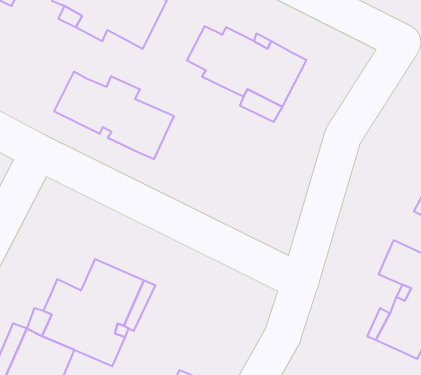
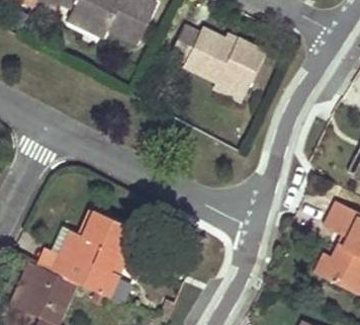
building: [54,72,174,159] -> none

